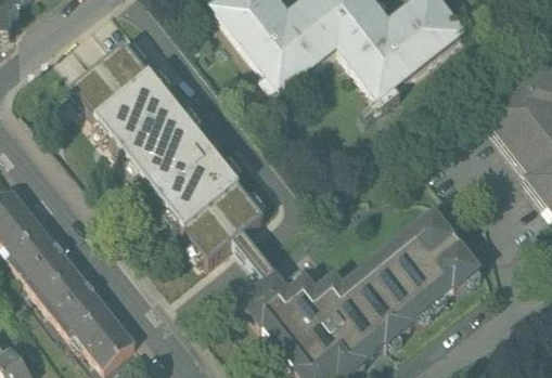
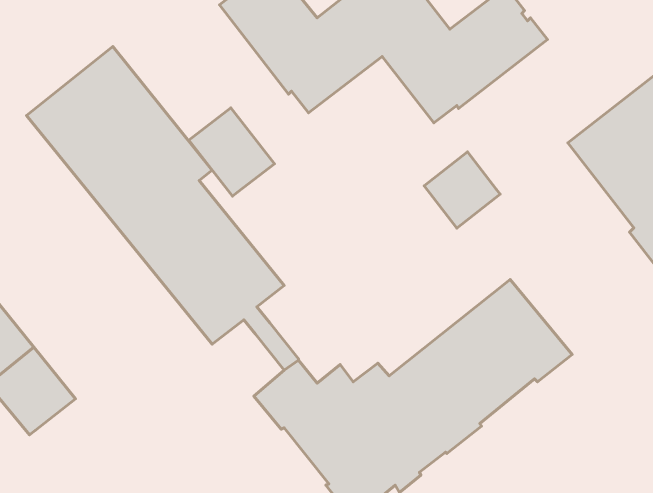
building: none -> [189,108,275,196]
building: none -> [424,152,500,228]
building: [75,302,133,362] -> none

